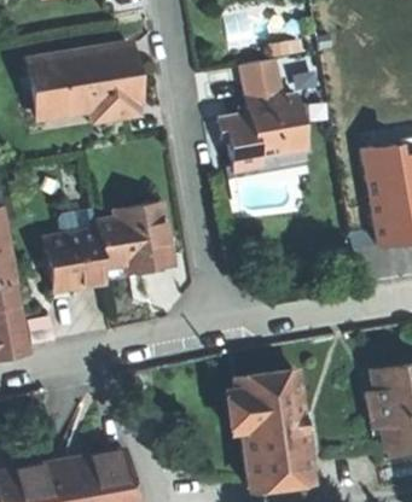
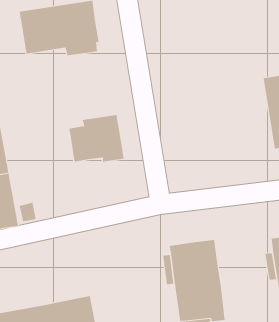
building: [217,59,304,169] -> none
building: [45,227,105,288] -> none

